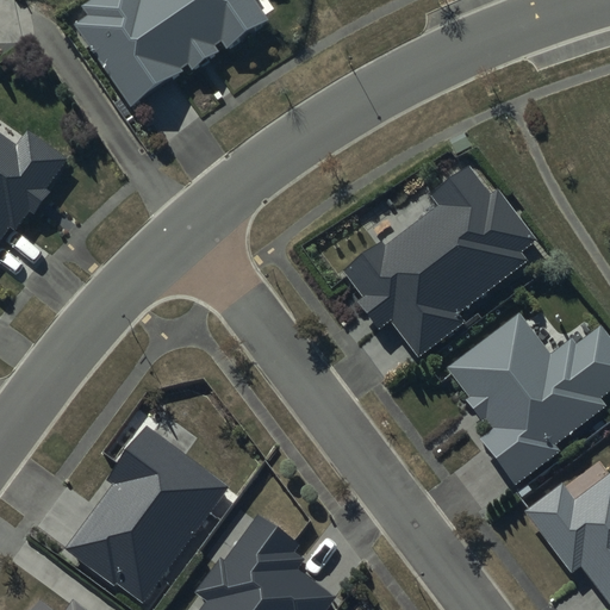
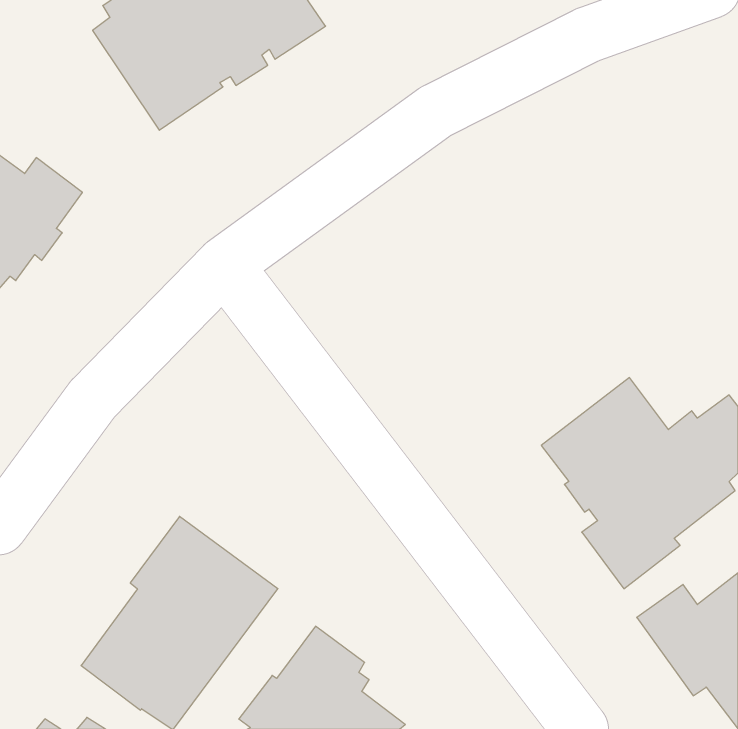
building: [344,164,535,357] -> none

